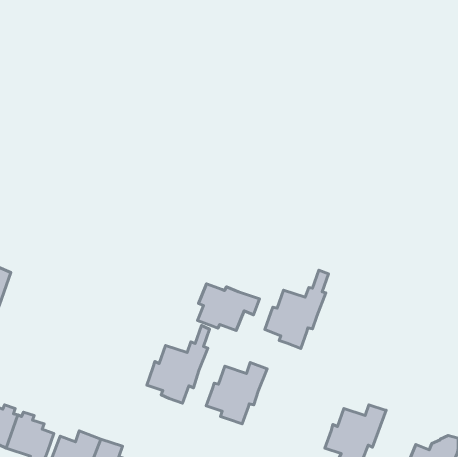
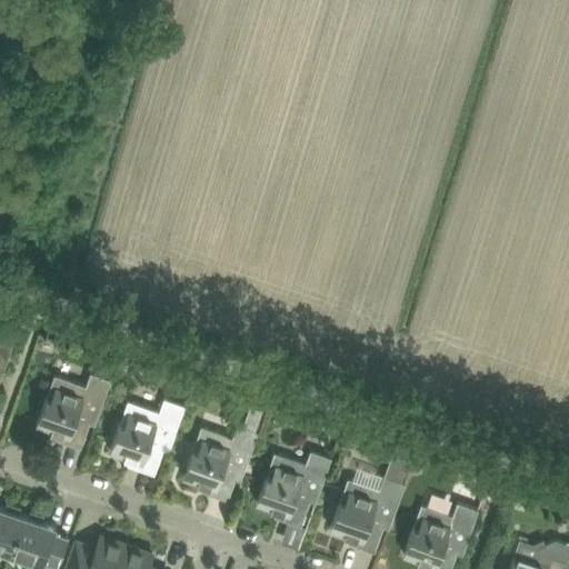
building: [265,270,329,349] -> [328,457,407,553]
building: [197,284,260,331] -> none
building: none -> [34,373,110,449]
building: none -> [108,400,183,476]

